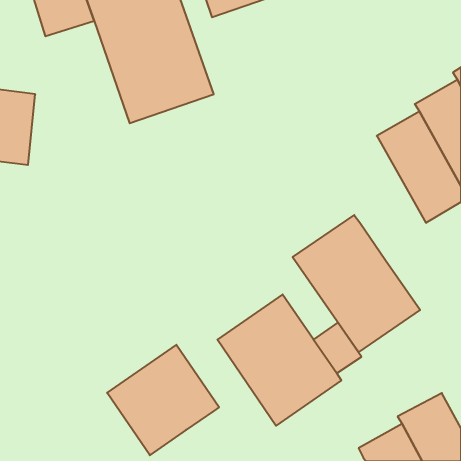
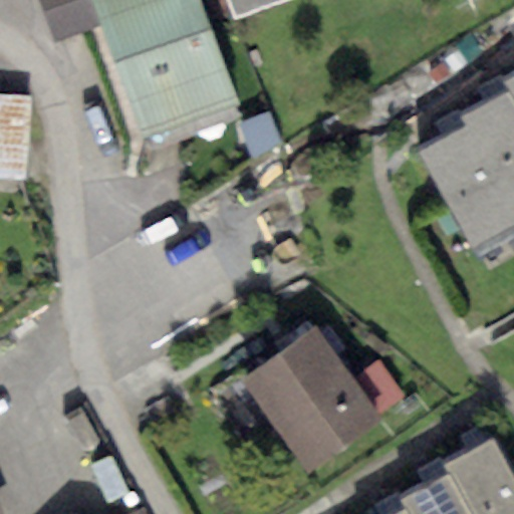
building: [293,215,420,352] -> none
building: [107,345,219,455] -> none

